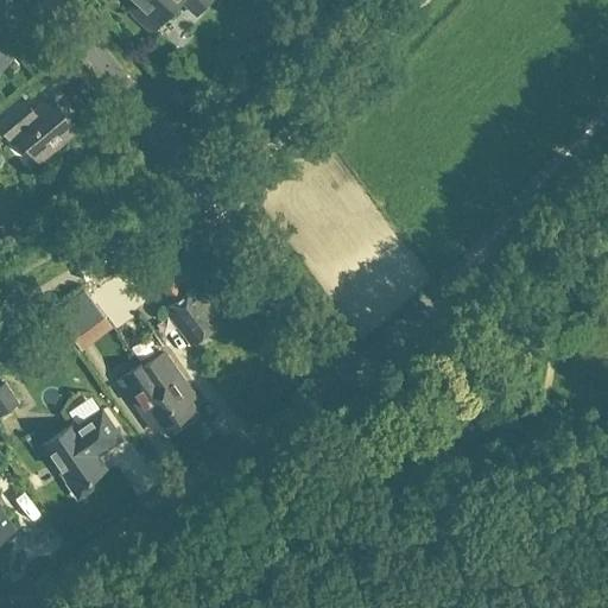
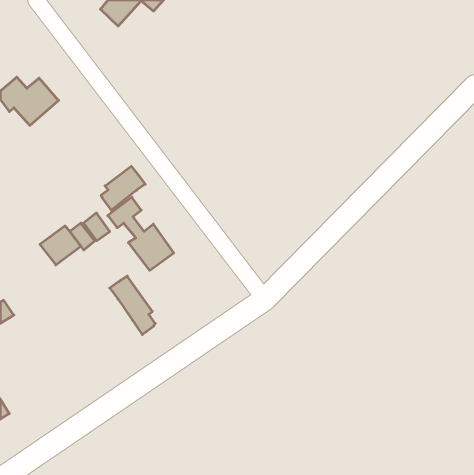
building: none -> [101,166,145,210]
building: [120,368,183,436] -> none
building: [43,411,121,496] -> none

